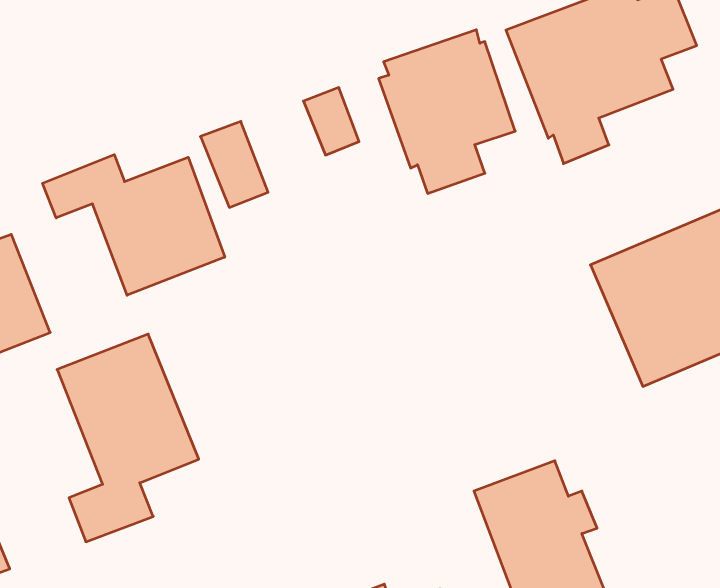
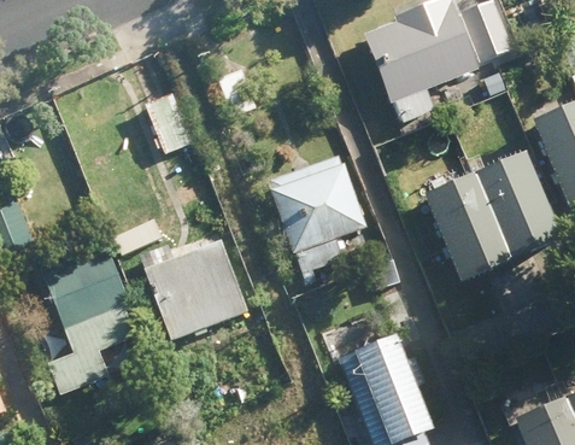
building: [379,30,515,193] -> [269,154,366,271]
building: [43,155,225,295] -> none
building: none -> [143,240,248,340]

